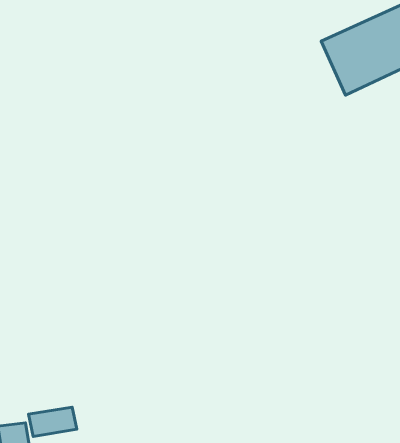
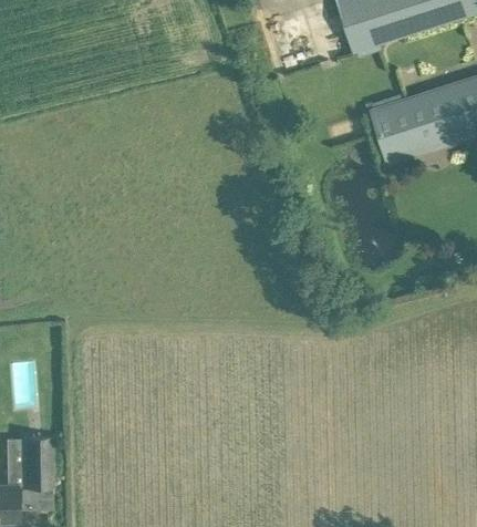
building: [29,407,77,436] -> none

